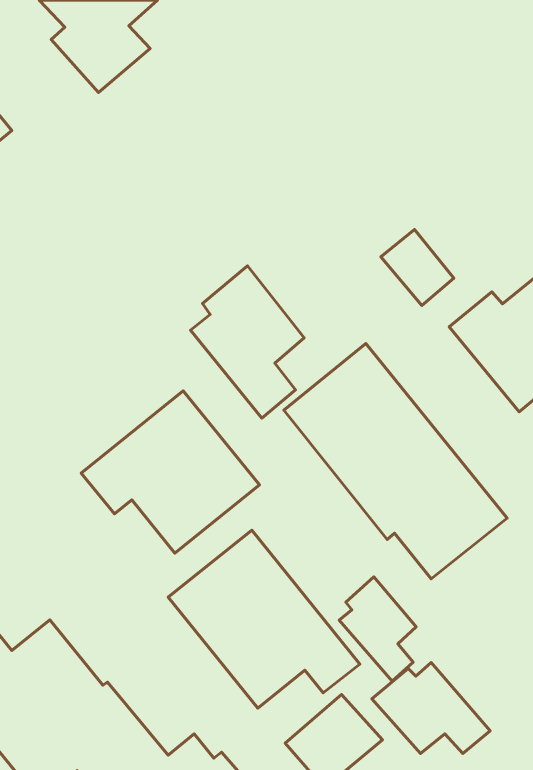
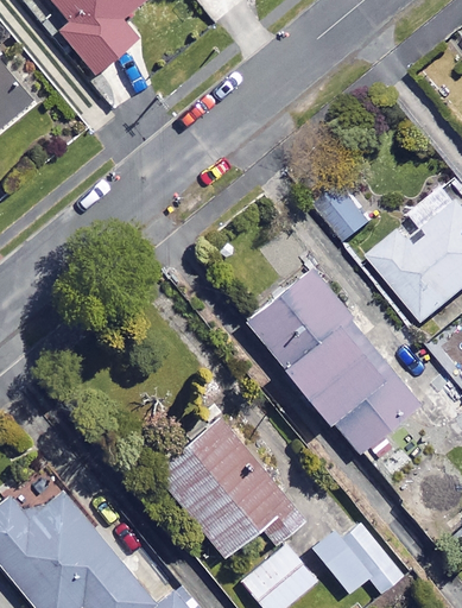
building: [190,266,304,418] -> none
building: [81,391,260,553] -> none
building: [339,577,416,681] -> none

